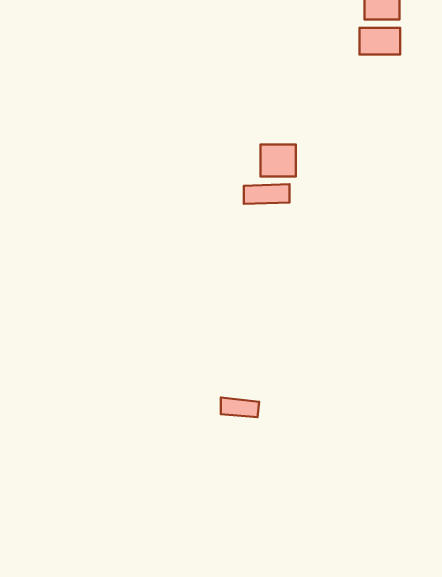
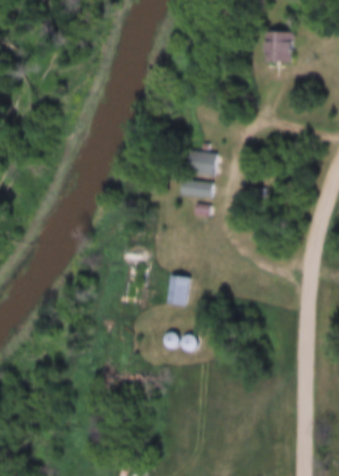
building: [360,28,400,54] -> none
building: none -> [172,277,193,306]

